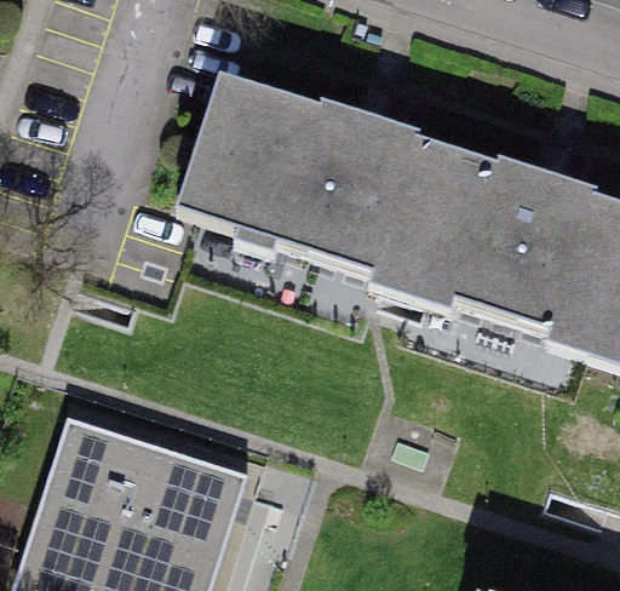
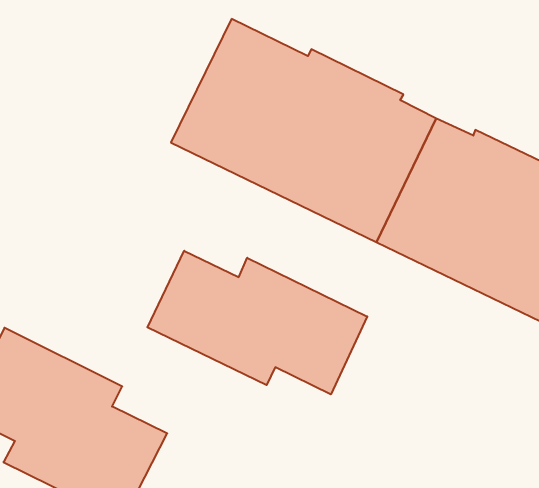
building: none -> [147,251,367,394]

